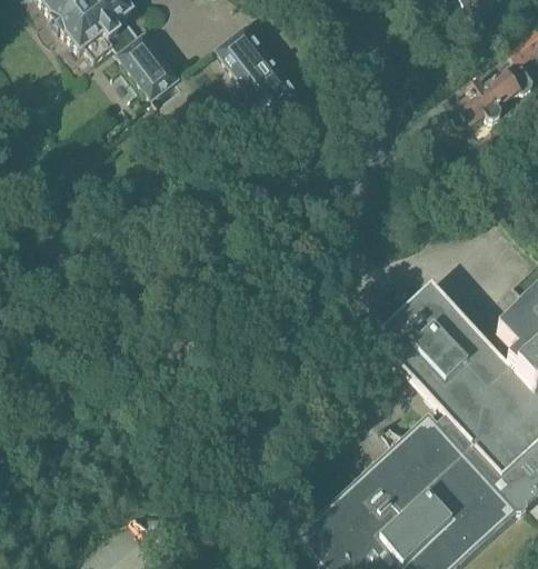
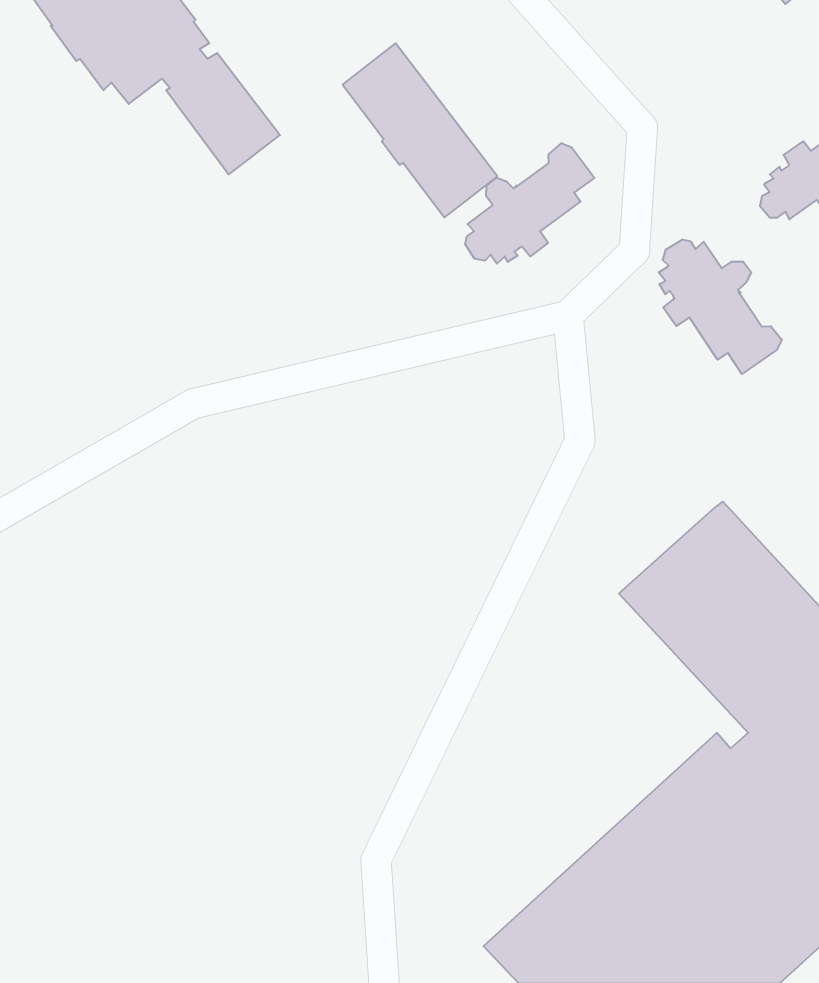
building: none -> [465,143,594,264]
building: none -> [659,239,782,374]

